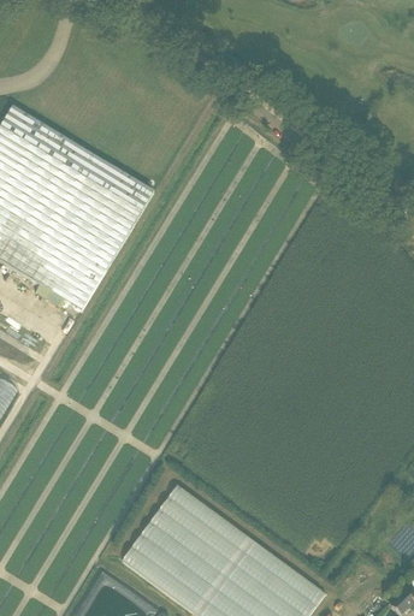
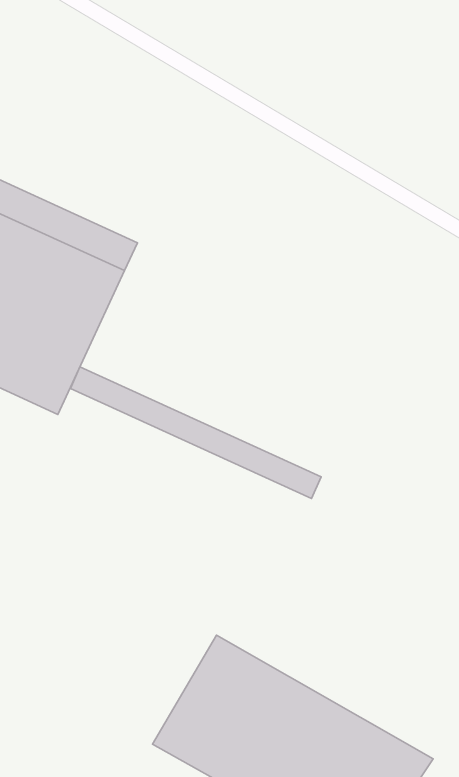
building: none -> [70,367,321,499]

